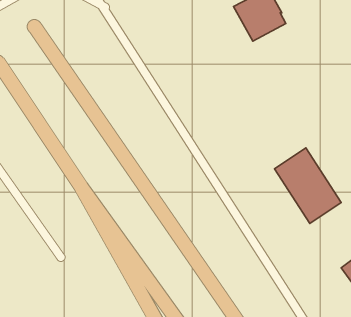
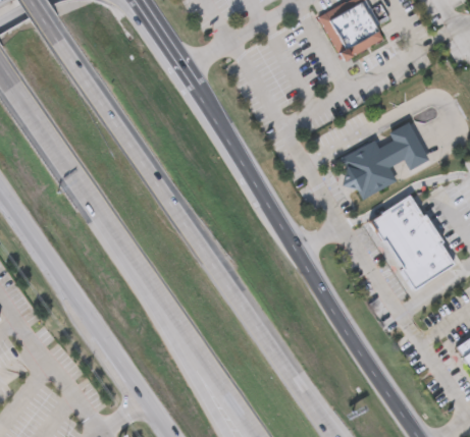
building: none -> [341,122,429,199]

